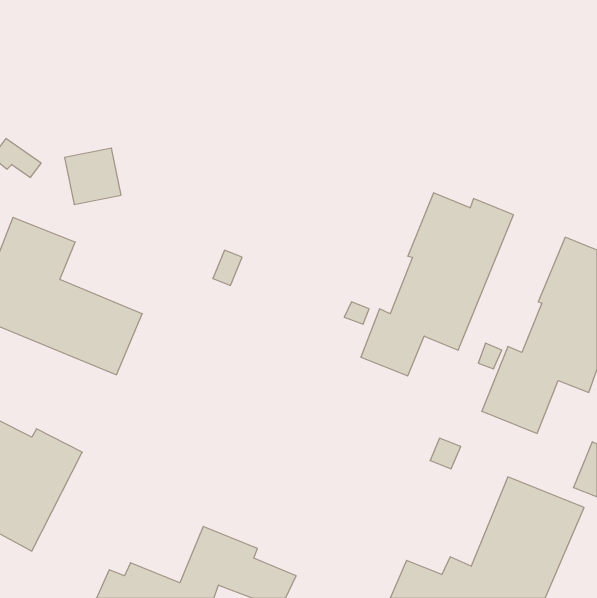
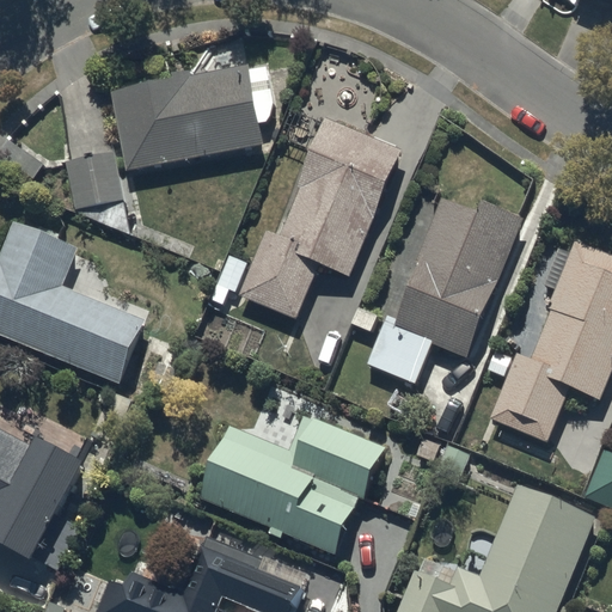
building: none -> [111,63,262,169]
building: none -> [239,118,399,317]
building: none -> [200,415,384,552]

